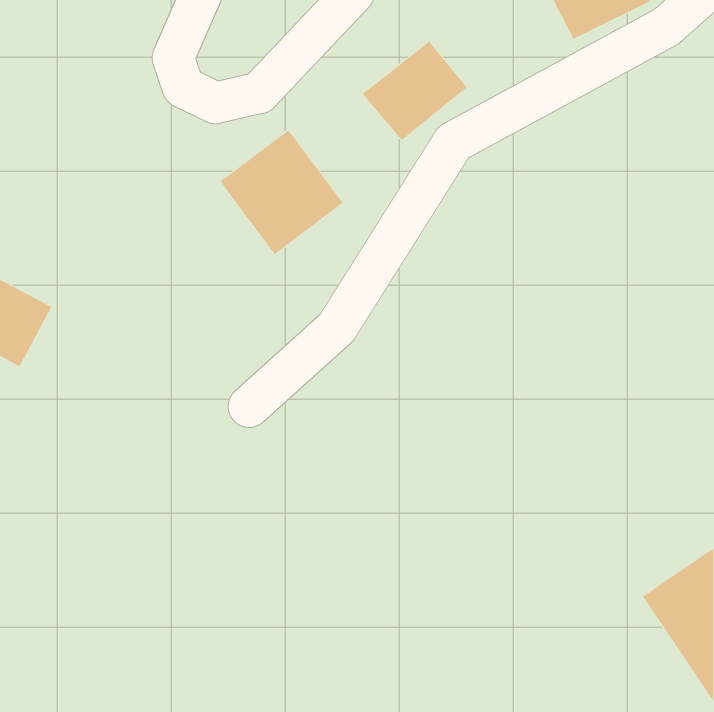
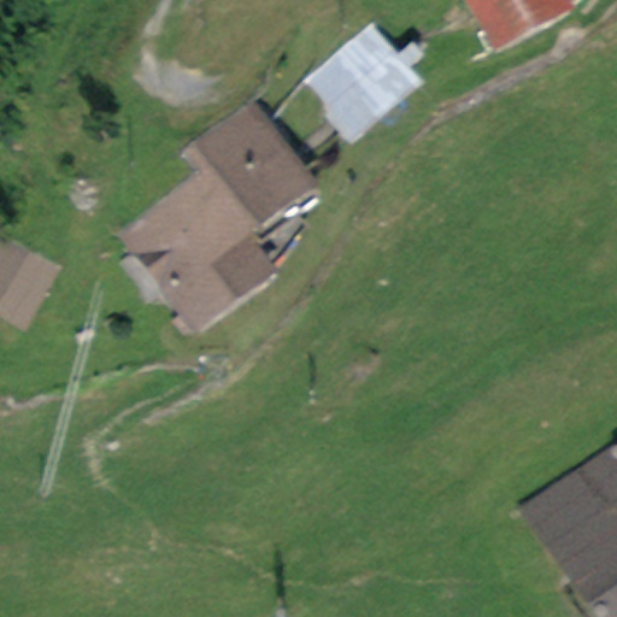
building: none -> [131,177,264,311]

